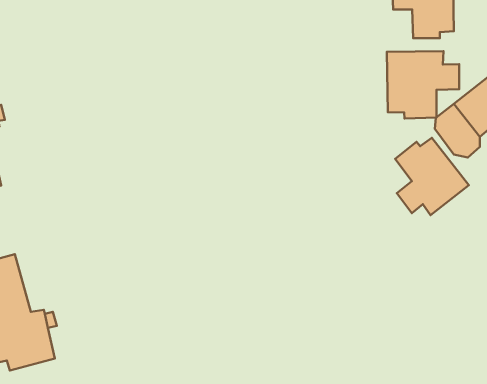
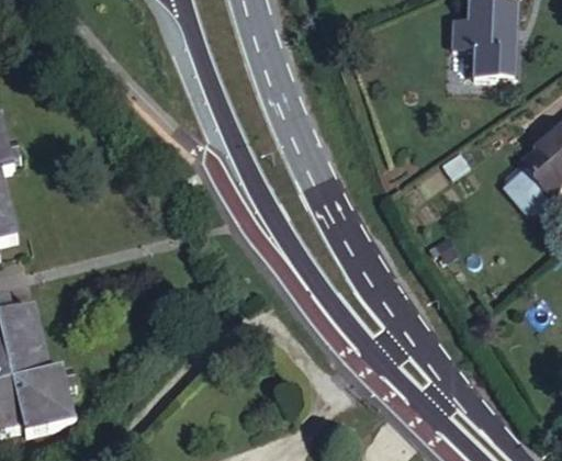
building: [387,51,459,118] -> none
building: [395,138,469,215] -> none

